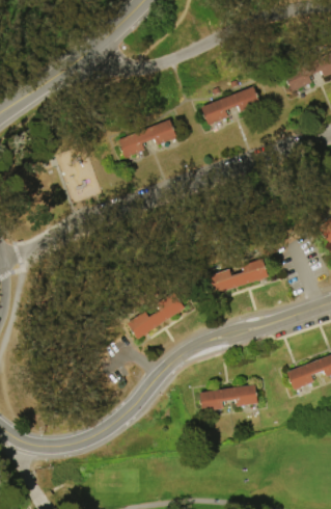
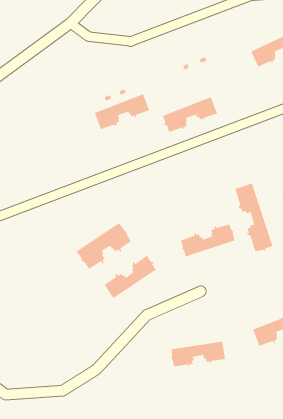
building: [201,85,261,125] -> [162,96,218,133]
building: none -> [234,183,273,252]
building: none -> [76,222,132,270]

